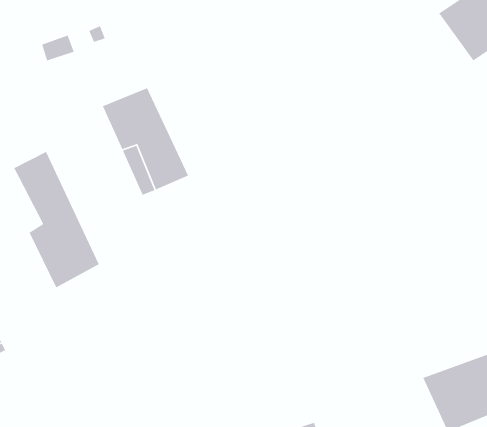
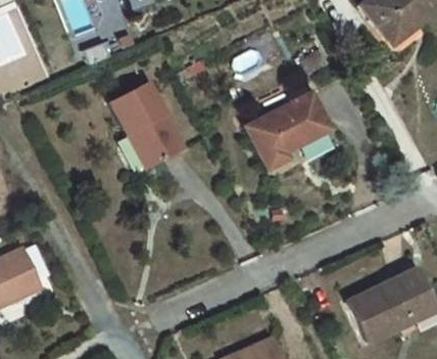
building: none -> [247,104,332,174]
building: [13,151,100,289] -> none

